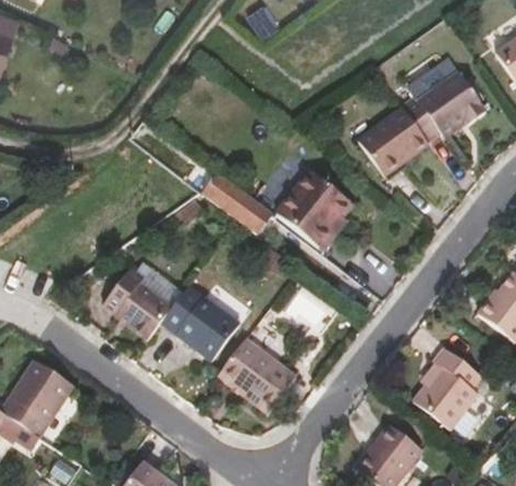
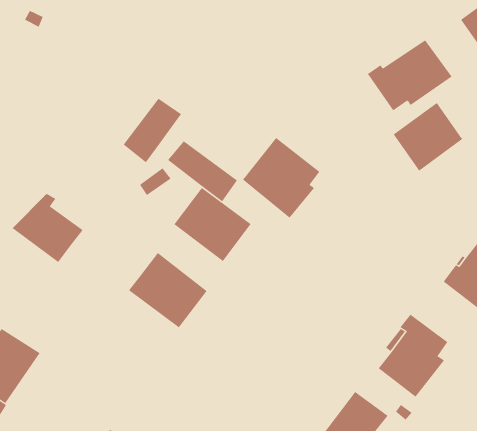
building: [357,107,428,176] -> [393,102,463,172]
building: none -> [123,98,182,163]
building: [101,270,173,339] -> [12,193,83,263]
building: [218,338,296,413] -> [173,187,251,262]

